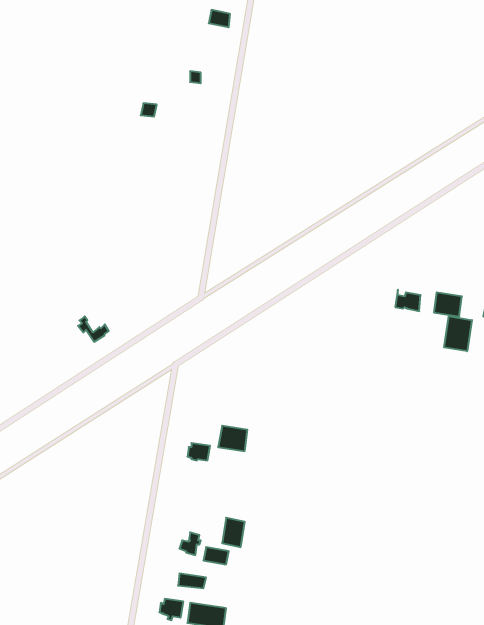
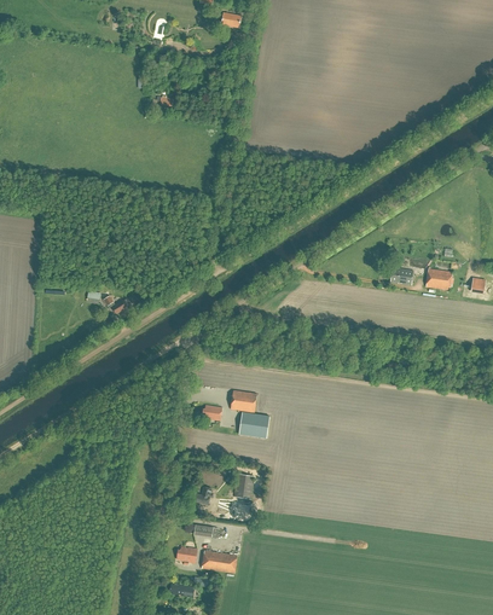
building: [444,316,472,351] -> none
building: none -> [239,412,271,437]

